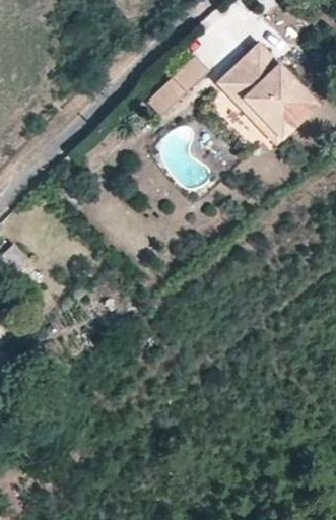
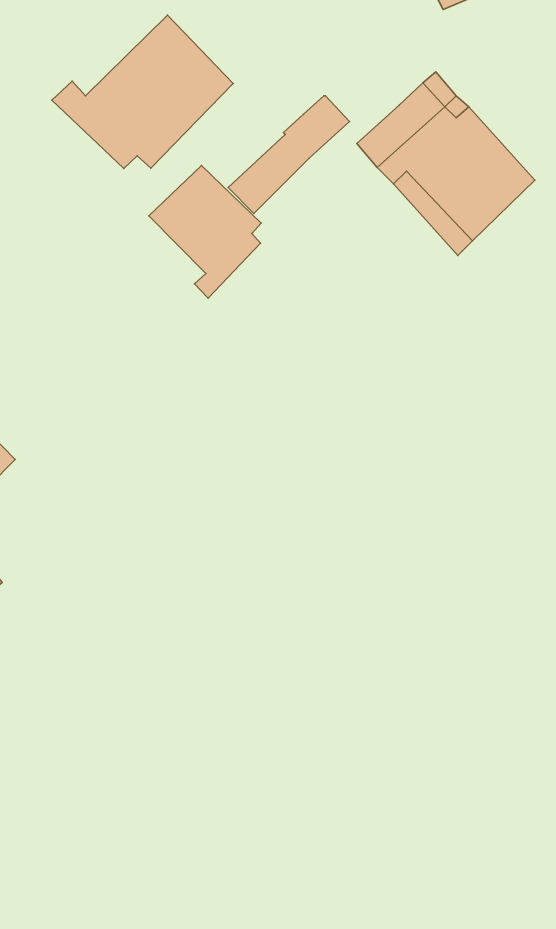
building: none -> [52,15,233,169]
building: none -> [149,165,261,298]

